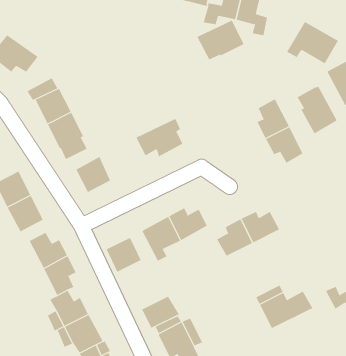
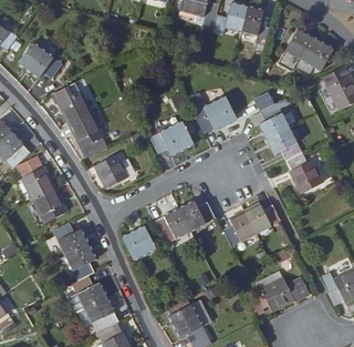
building: [197,20,244,60] -> [191,96,235,133]
building: [297,86,337,134] -> [284,151,321,194]
building: [141,296,180,328] -> none

